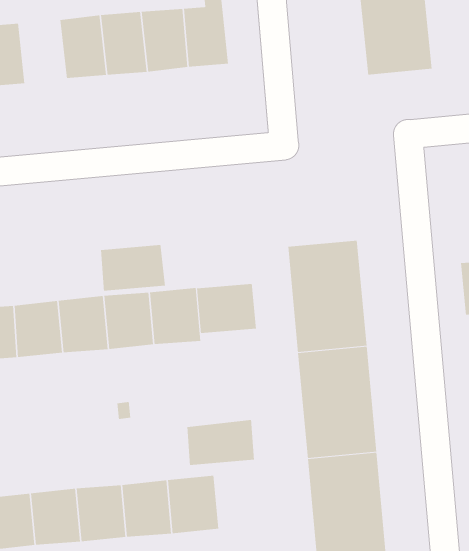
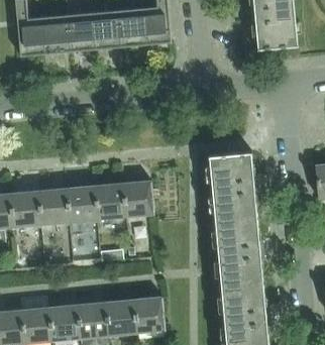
building: none -> [40,15,70,54]
building: [101,244,166,292] -> none
building: [196,283,256,334] -> none
building: [187,419,254,466] -> none

